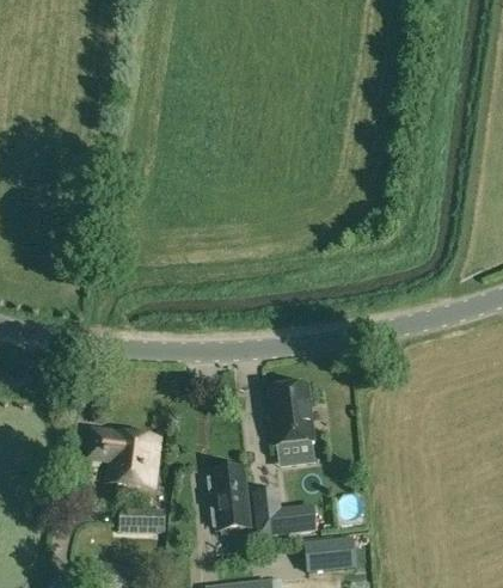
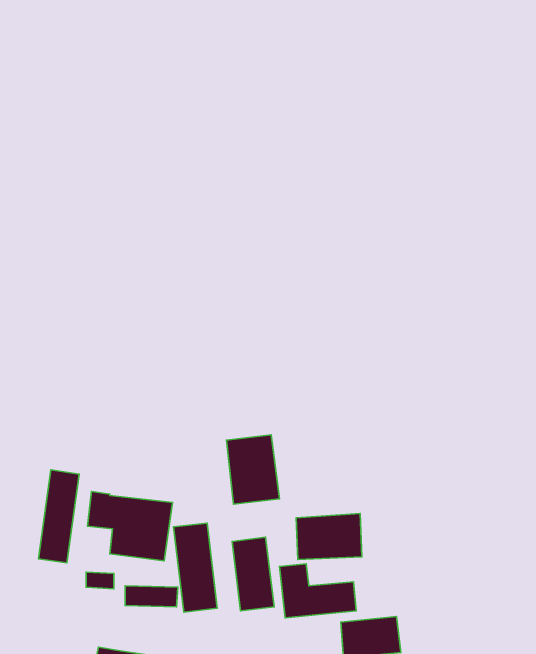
building: [269,384,314,443] -> [227,435,279,504]
building: none -> [38,470,79,563]
building: none -> [173,523,217,612]

